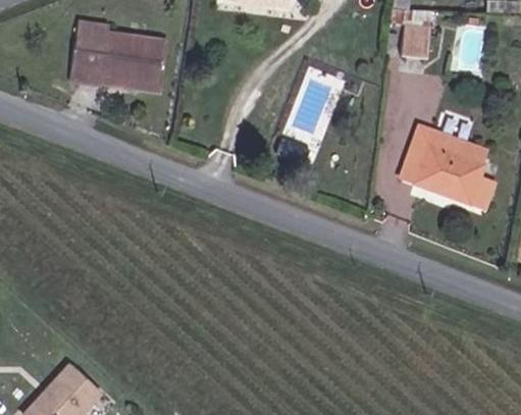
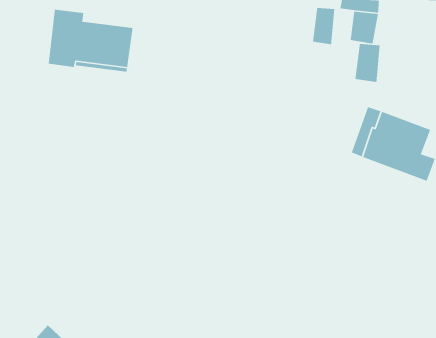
building: none -> [312,7,335,45]
building: none -> [355,43,380,83]

